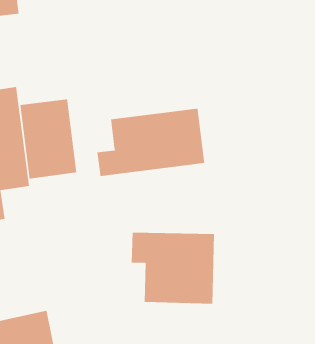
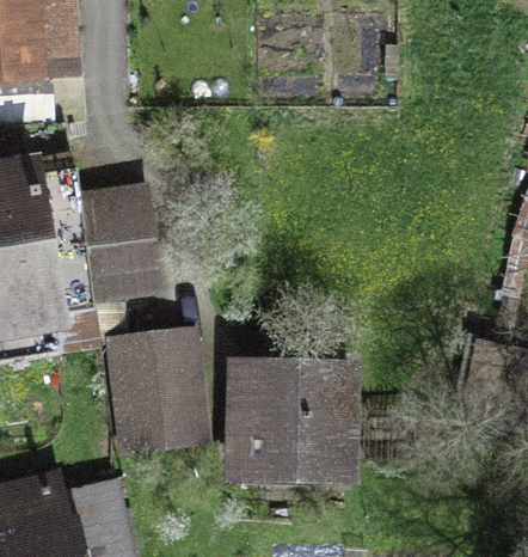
building: [97,108,205,177] -> none
building: none -> [119,339,189,429]

